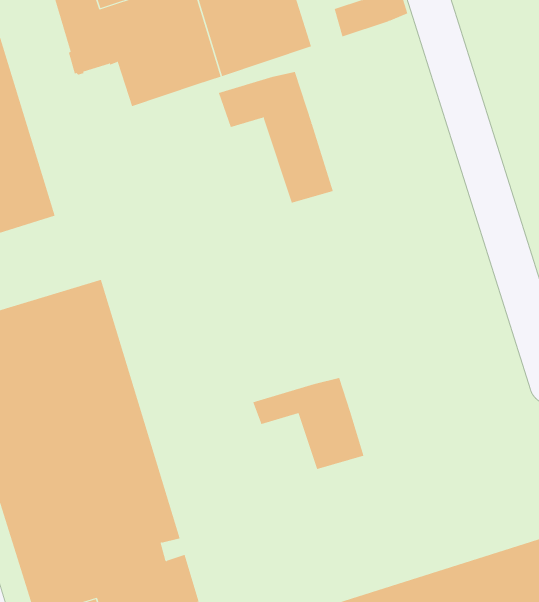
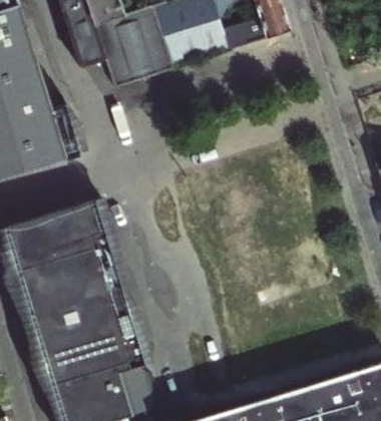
building: [218,71,333,204] -> none
building: [253,377,364,470] -> none

